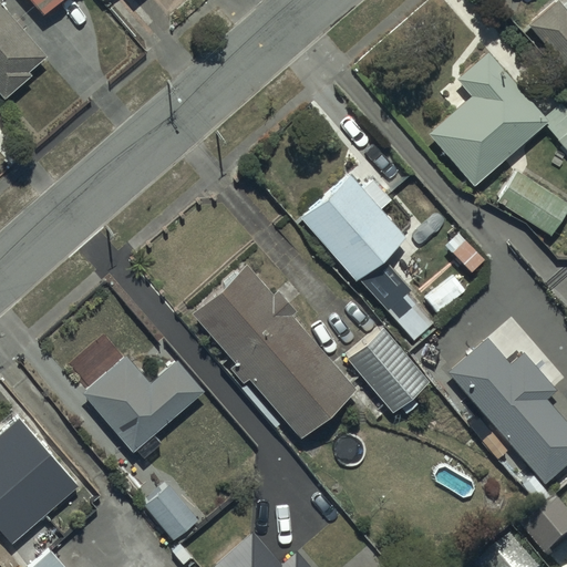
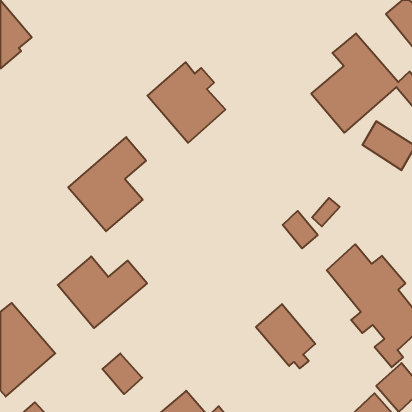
building: [300,172,406,281] -> [147,62,225,143]
building: none -> [68,137,146,231]
building: [189,262,355,436] -> none
building: [348,328,429,415] -> [256,304,315,368]

